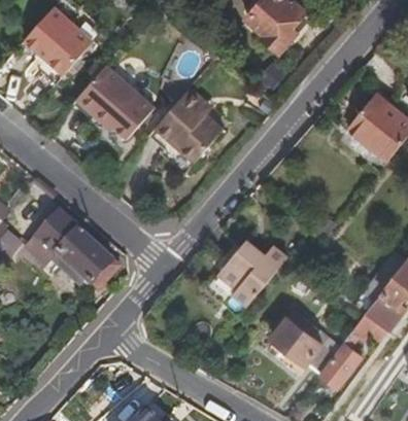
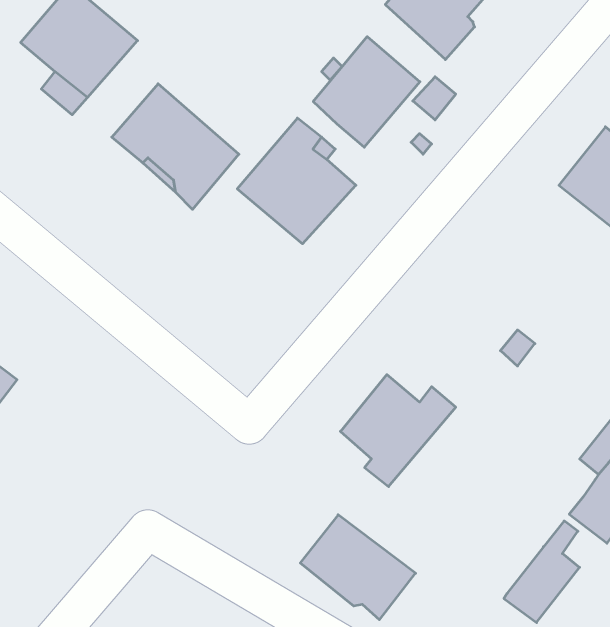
building: none -> [313,37,420,147]
building: [25,210,116,288] -> none
building: [269,308,338,371] -> [300,515,416,620]

